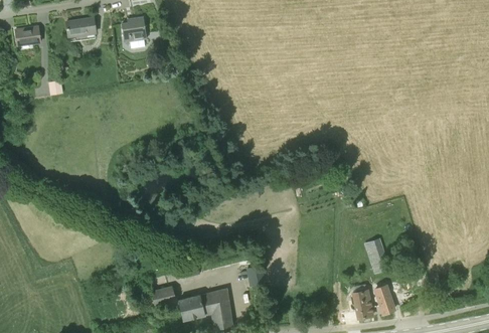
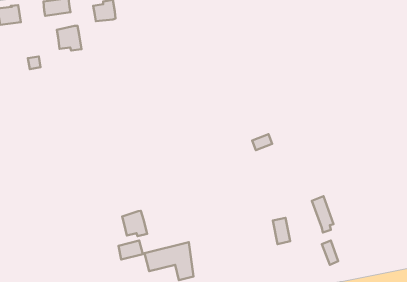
building: none -> [57,26,81,51]
building: none -> [122,211,147,236]
building: [353,290,372,319] -> [273,218,290,244]

